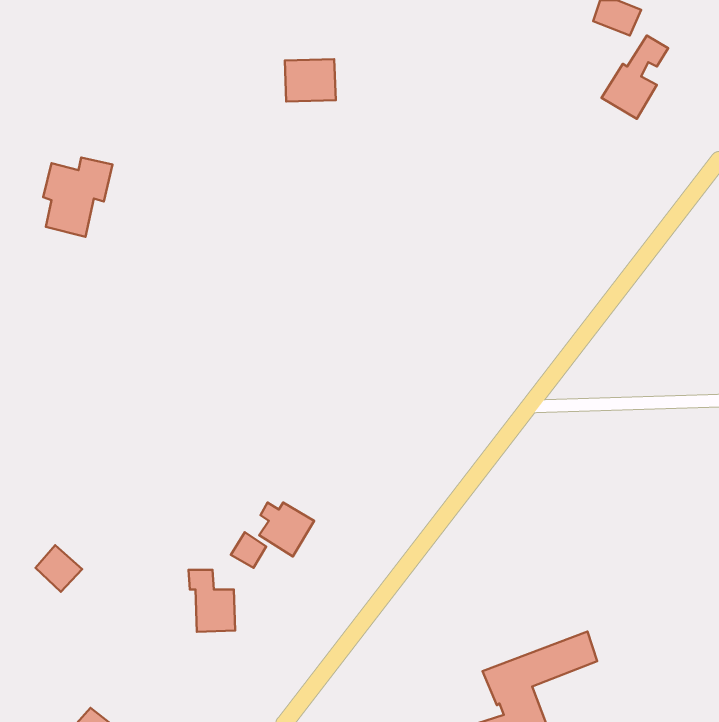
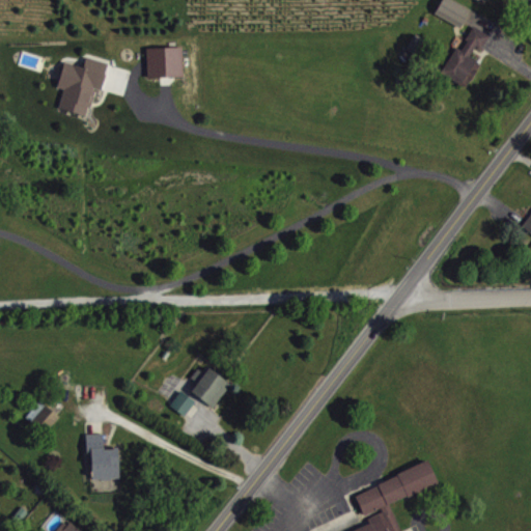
building: [285,59,336,101] -> [146,48,184,79]
building: [43,158,112,237] -> [57,58,108,116]
building: [188,570,235,632] -> [85,435,119,480]

